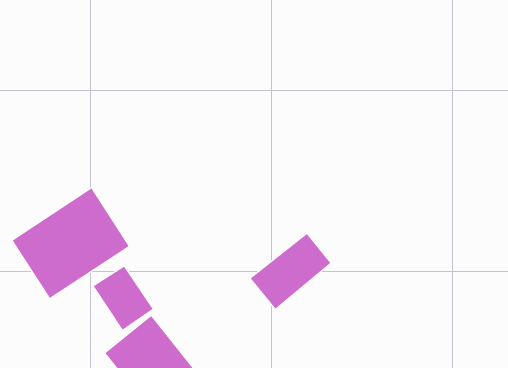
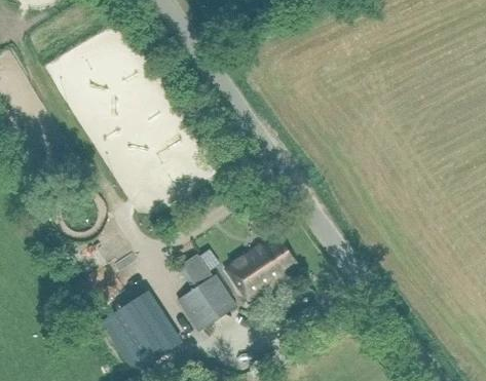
building: [12,188,129,299] -> none
building: none -> [177,252,236,329]

